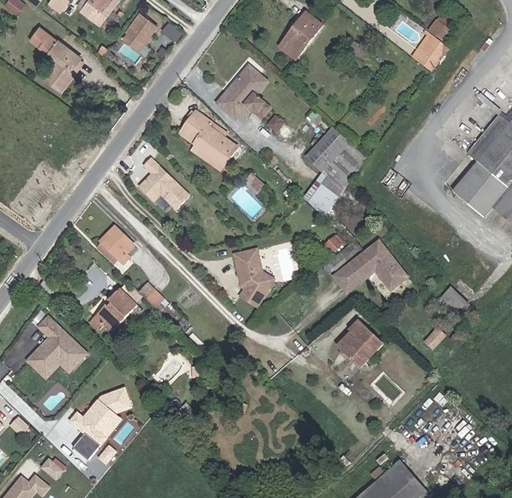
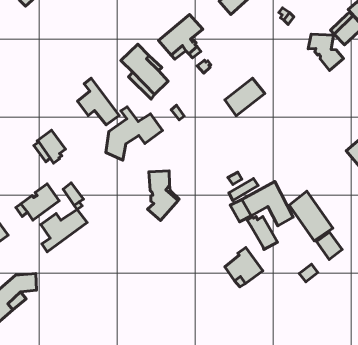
building: none -> [308,34,344,71]
building: [303,141,366,216] -> none
building: none -> [106,107,163,160]
building: none -> [289,191,333,241]
building: none -> [247,216,277,249]
building: none -> [41,209,87,252]

